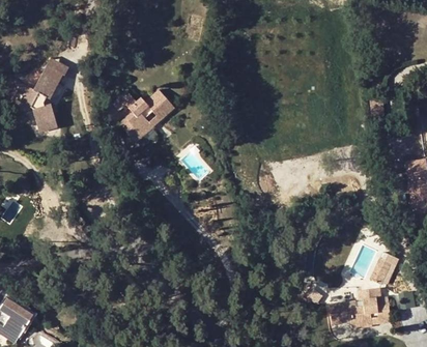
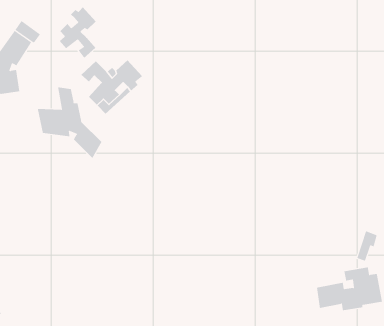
building: none -> [59,7,97,59]
building: none -> [37,87,102,159]

